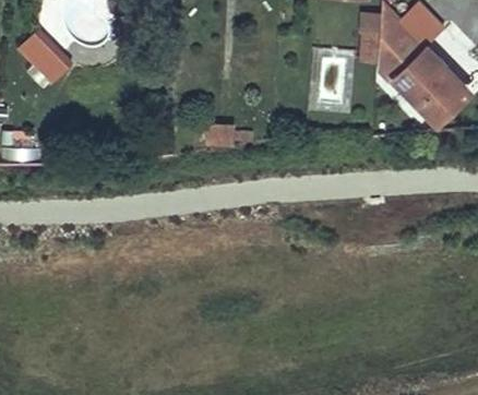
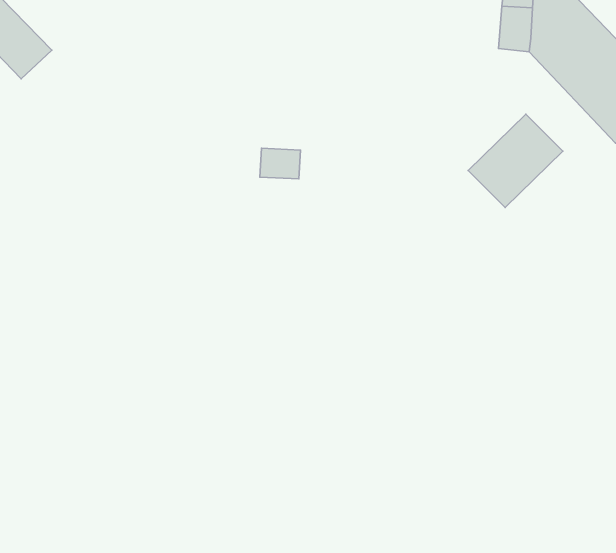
building: none -> [468,114,563,207]

